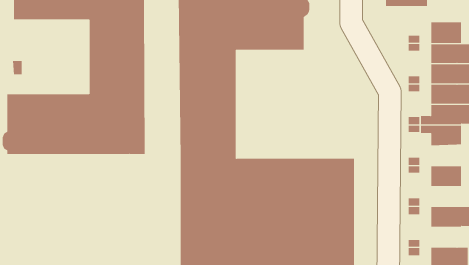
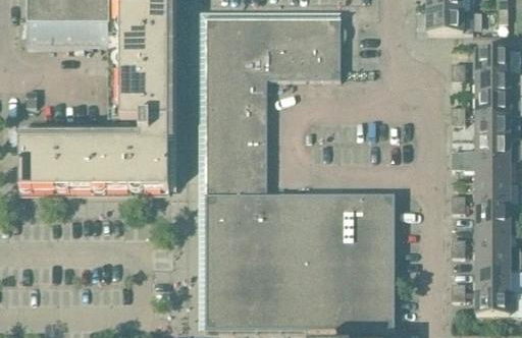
building: none -> [476,179,510,202]
building: none -> [476,224,510,245]
building: none -> [476,268,510,289]

